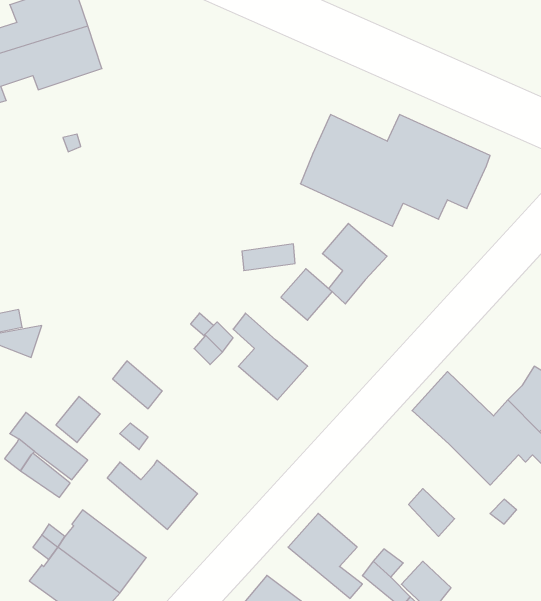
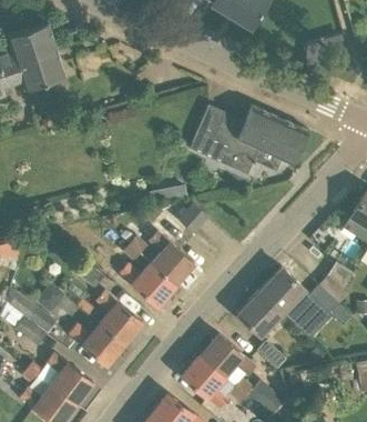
building: [322,223,387,304] -> none
building: none -> [119,261,175,305]
building: none -> [96,290,142,343]
building: none -> [238,291,283,335]
building: none -> [201,334,256,376]

